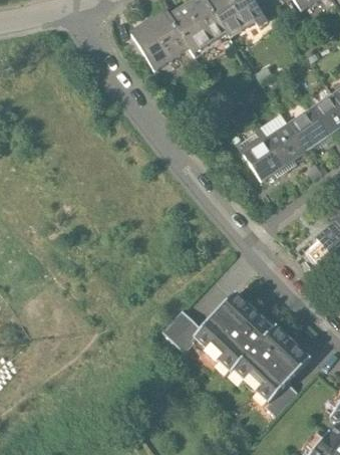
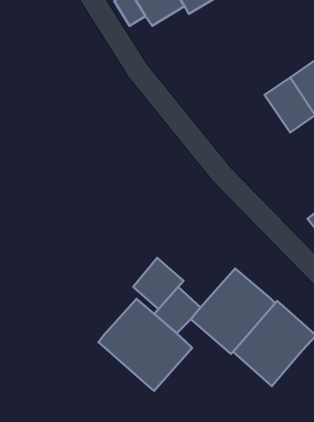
building: [241,132,288,183] -> none
building: none -> [133,258,183,309]
building: none -> [98,299,192,391]

